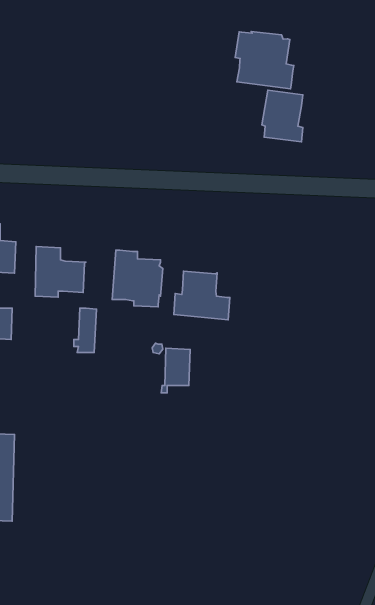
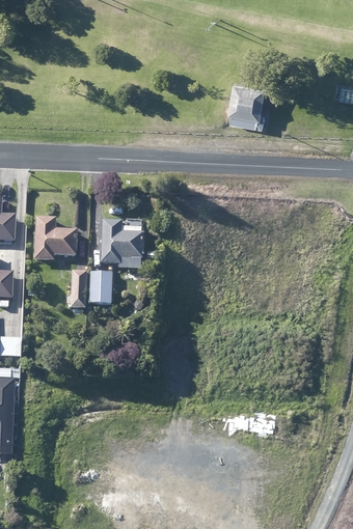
building: [235,31,294,89] -> none
building: [174,271,230,320] -> none
building: [161,348,190,393] -> [85,271,110,309]

